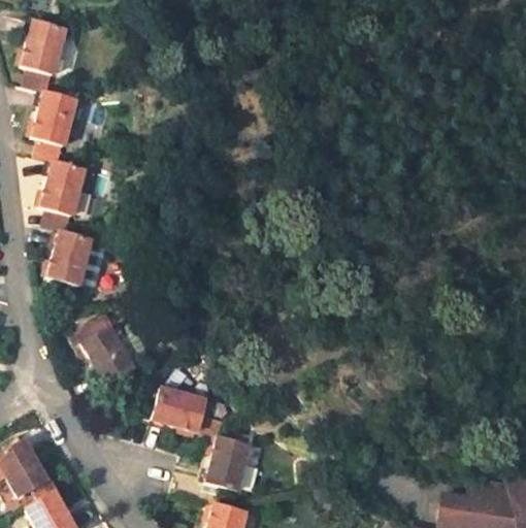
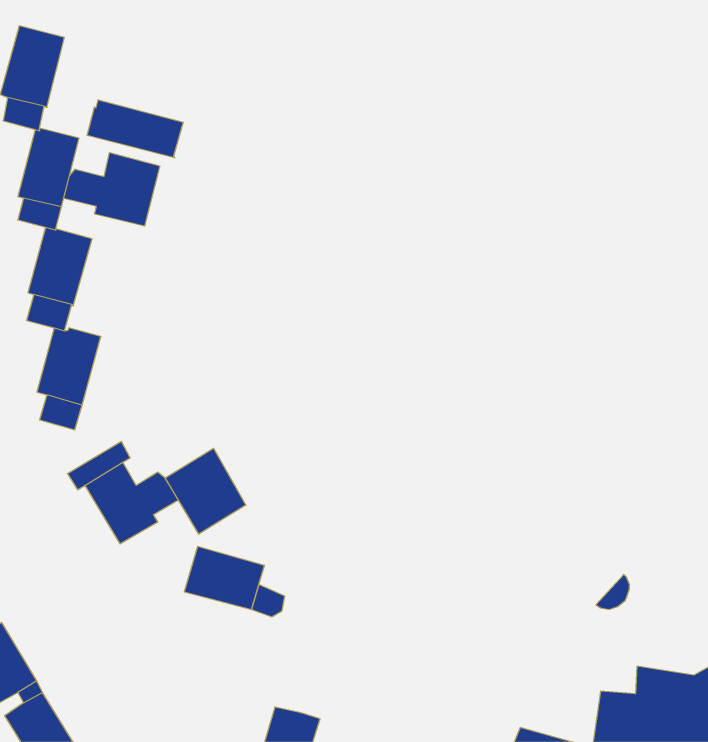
building: none -> [87,100,183,158]
building: none -> [64,153,160,226]
building: none -> [165,448,246,534]
building: [205,438,250,491] -> none

